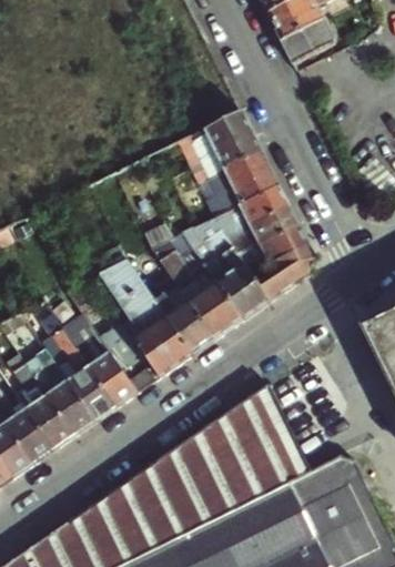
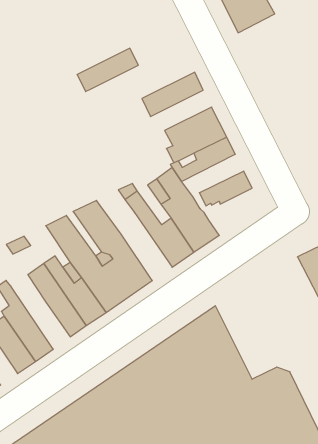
building: [189,131,261,182] -> [77,48,138,92]
building: [225,206,298,256] -> none
building: [257,246,317,302] -> none
building: [154,275,214,355] -> none
building: [24,355,94,436] -> none

